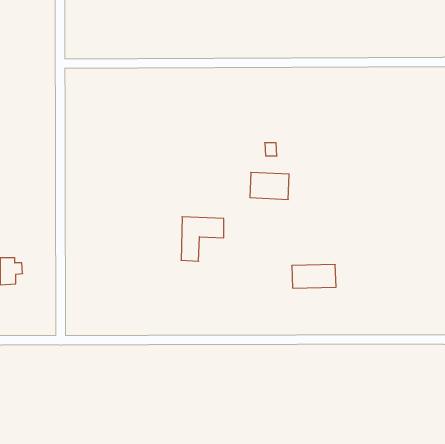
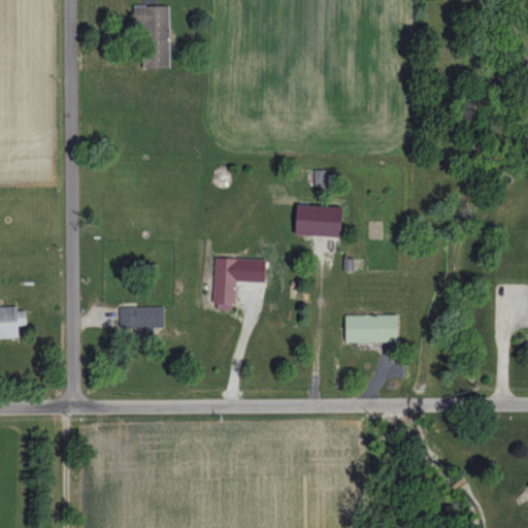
building: none -> [134,5,170,68]
building: none -> [120,306,164,333]

